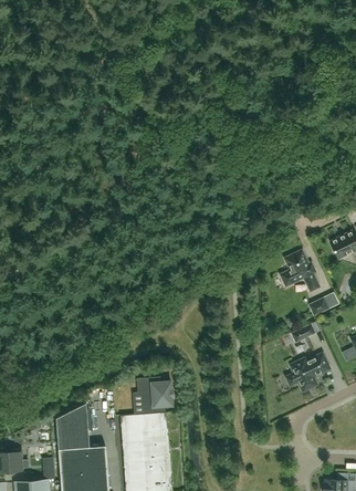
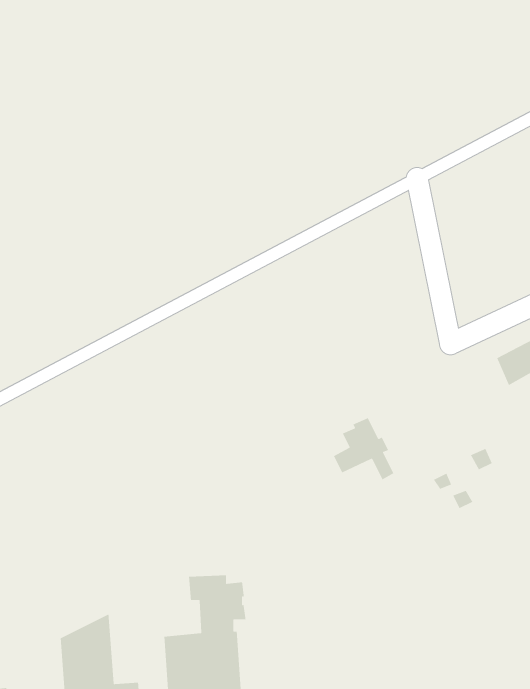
building: [280,251,318,291] -> [333,417,395,481]
building: [285,353,329,393] -> none

